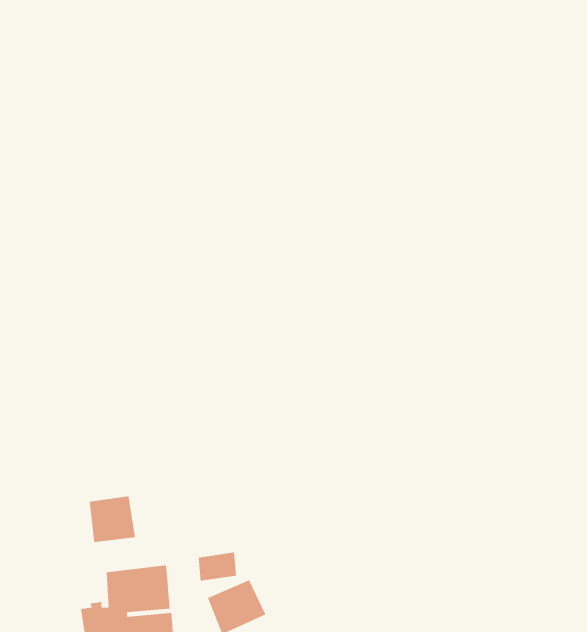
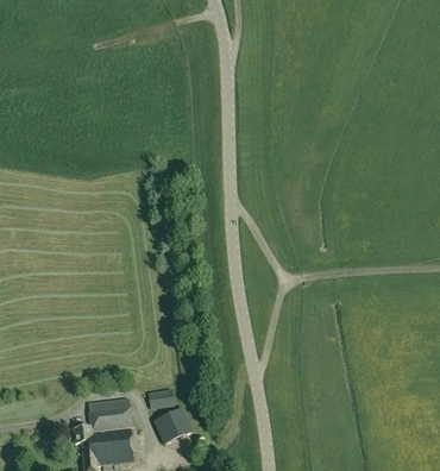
building: [89,495,136,543] -> none

